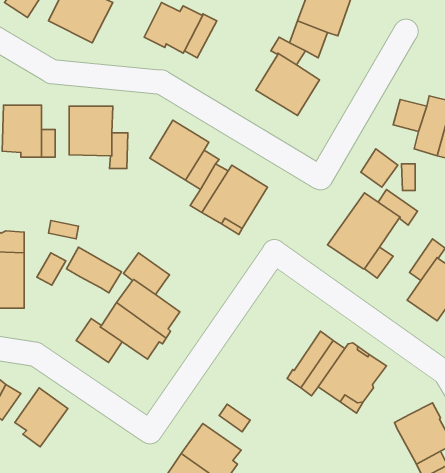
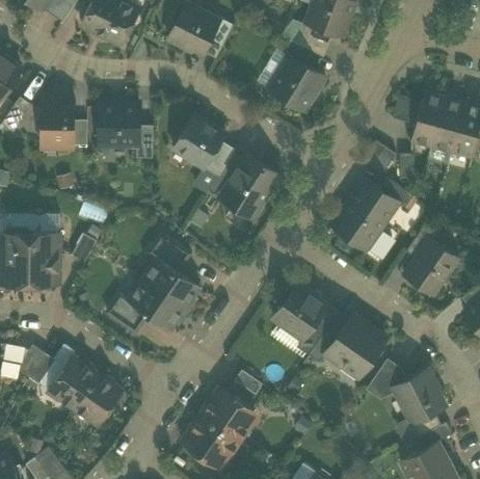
building: [66,247,121,293] -> none
building: none -> [273,286,326,341]
building: none -> [366,360,406,401]
building: none -> [74,375,123,426]

